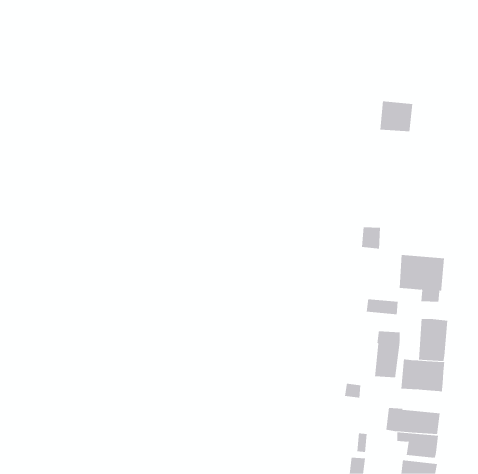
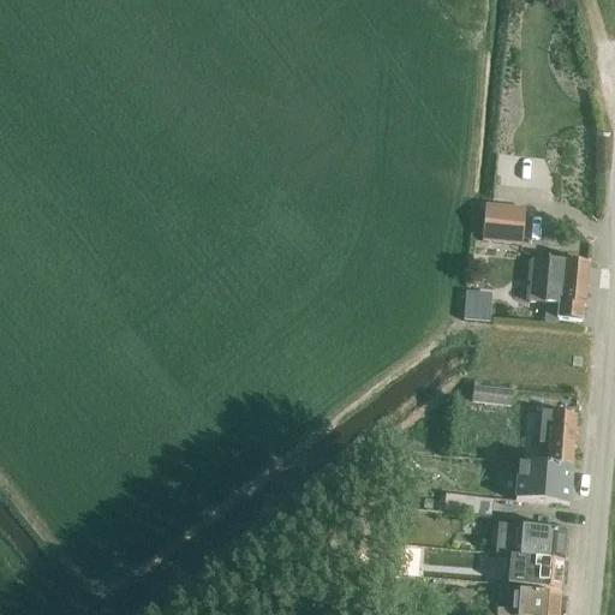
building: [379,101,413,132] -> [480,201,524,240]
building: [399,255,445,302] -> [530,255,589,316]
building: [375,331,400,378] -> none

